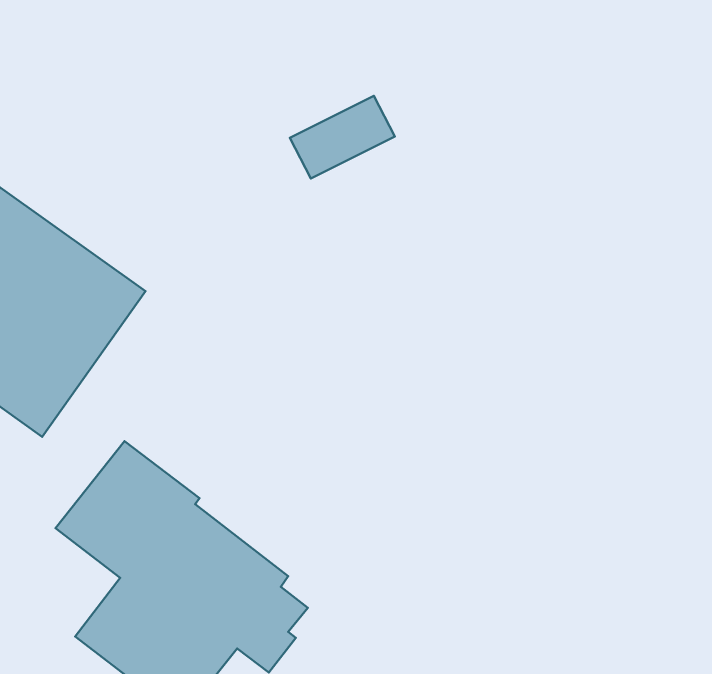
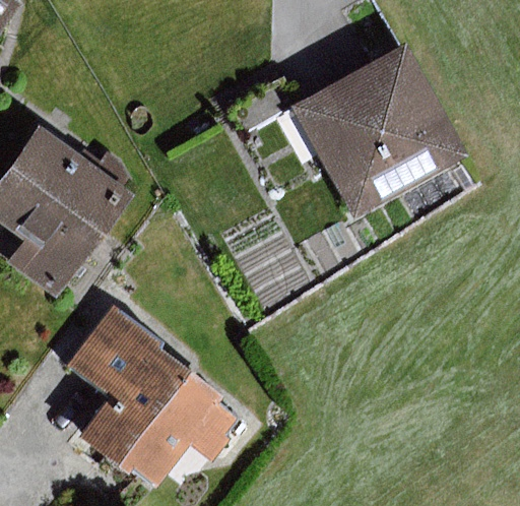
building: none -> [291,43,467,216]

